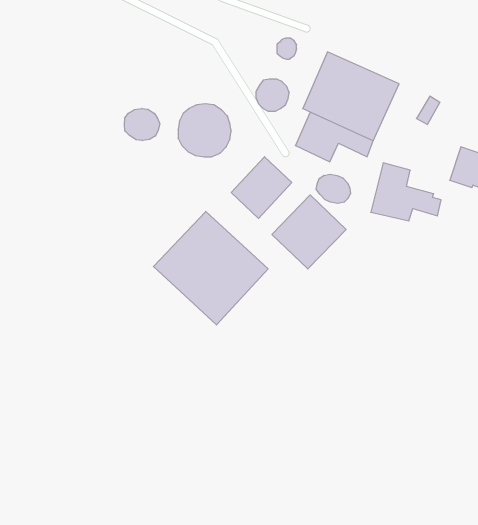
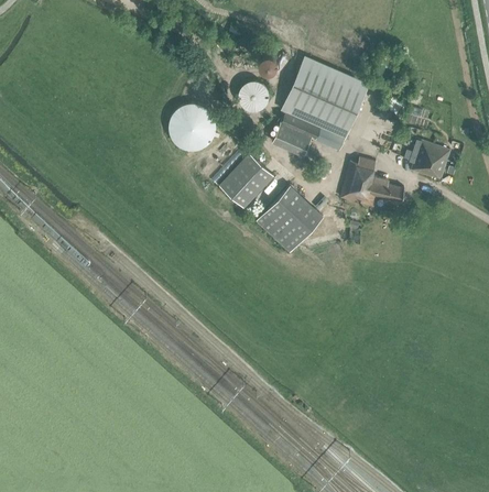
building: [124,108,160,141] -> none
building: [316,174,351,203] -> none
building: [153,211,268,325] -> none

